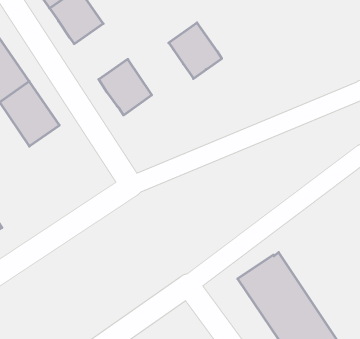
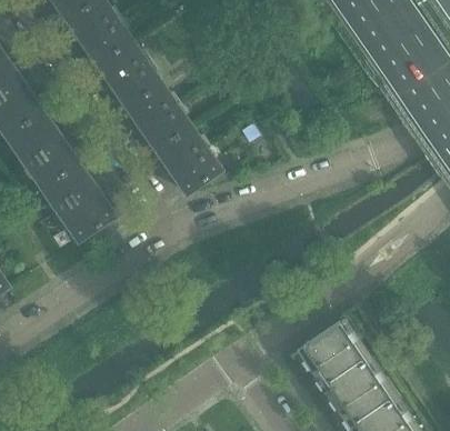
building: [169,23,222,79] -> [157,127,221,194]
building: none -> [97,40,162,108]
building: none -> [42,163,116,241]

